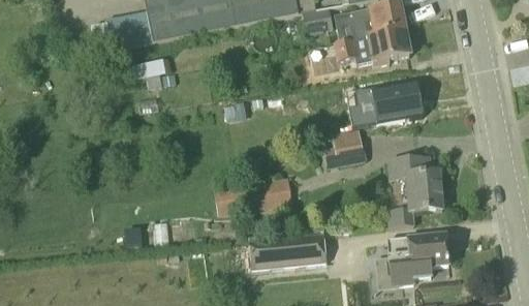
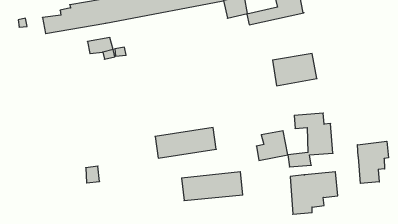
building: [321,28,410,66] -> none
building: [324,128,365,166] -> [256,131,288,160]
building: none -> [357,141,388,183]

